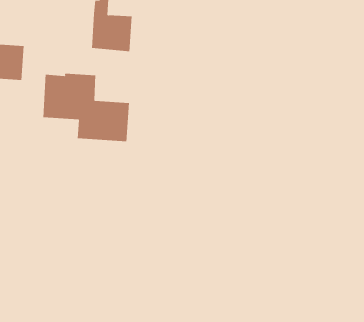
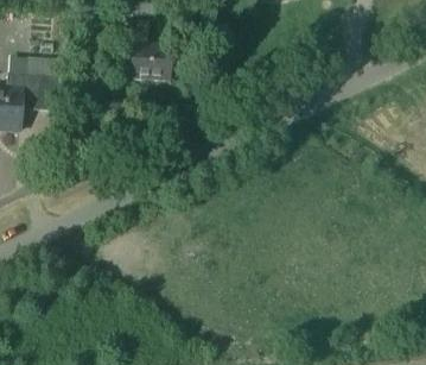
building: [43,73,129,142] -> none

